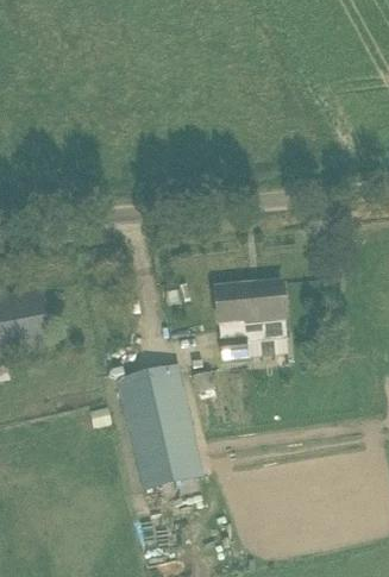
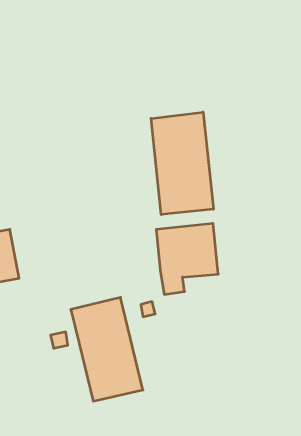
building: none -> [151,112,213,215]

